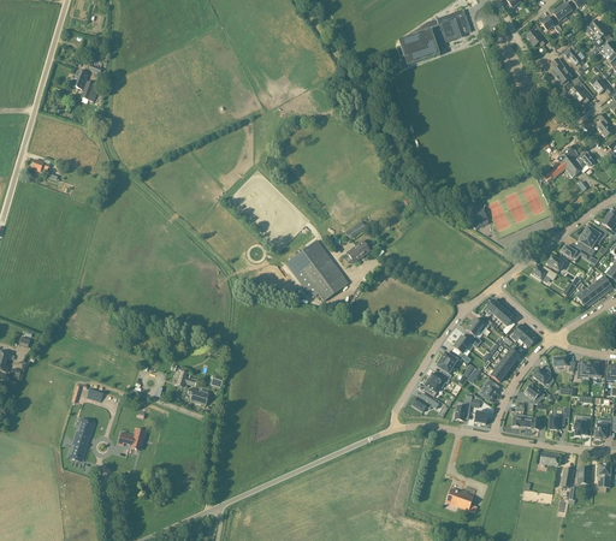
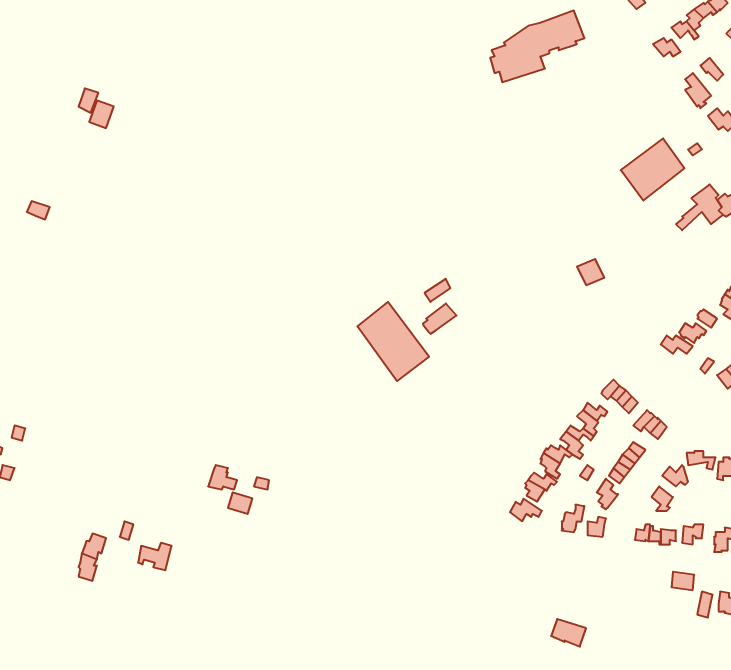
building: none -> [621,138,684,201]

